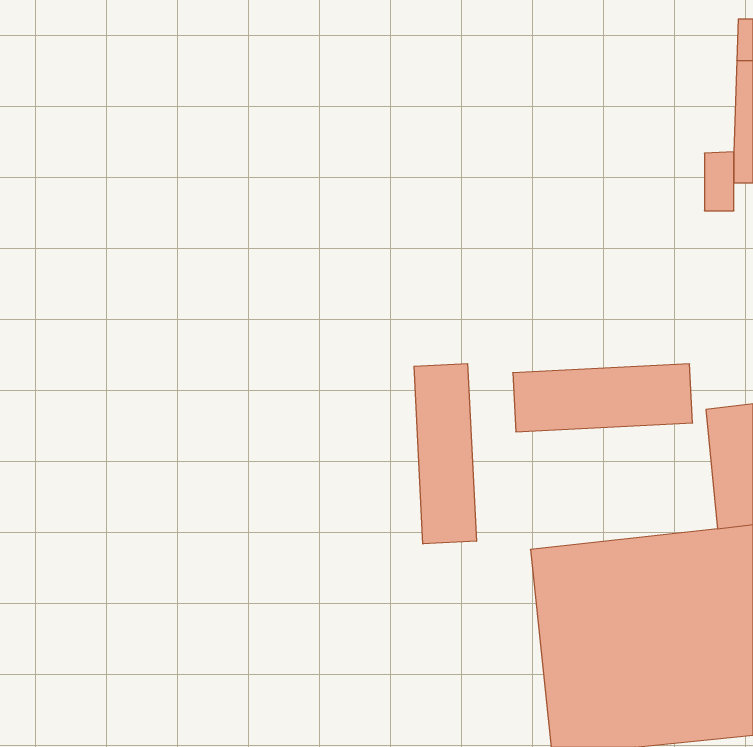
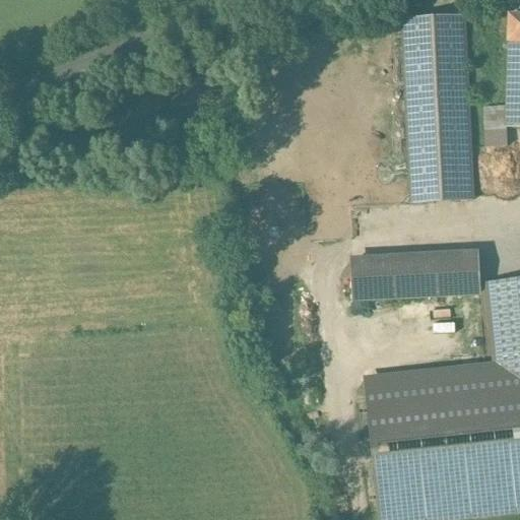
building: none -> [402,16,472,201]
building: [414,364,476,544] -> none

